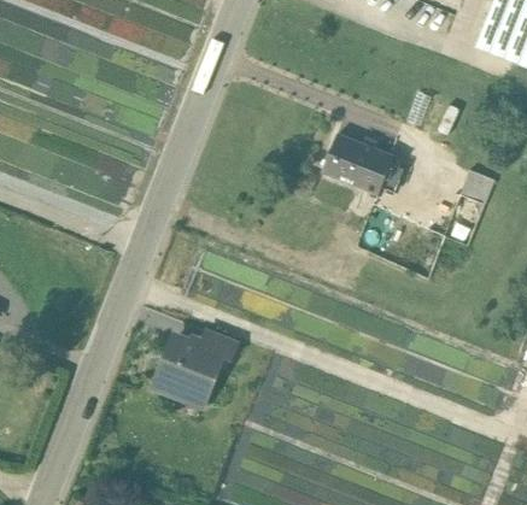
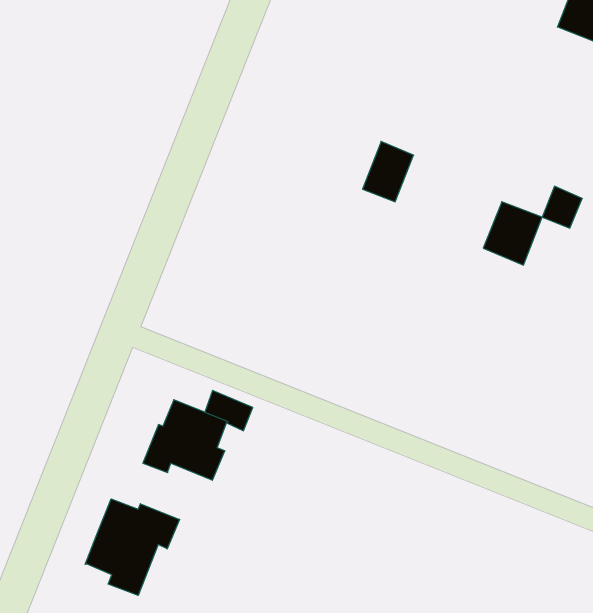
building: [350,146,396,195] -> [483,202,542,265]
building: none -> [85,499,180,595]

